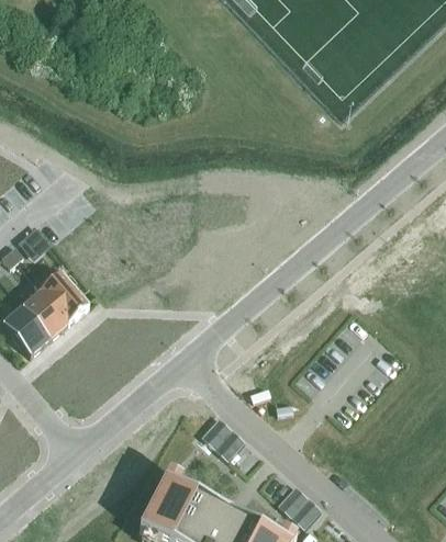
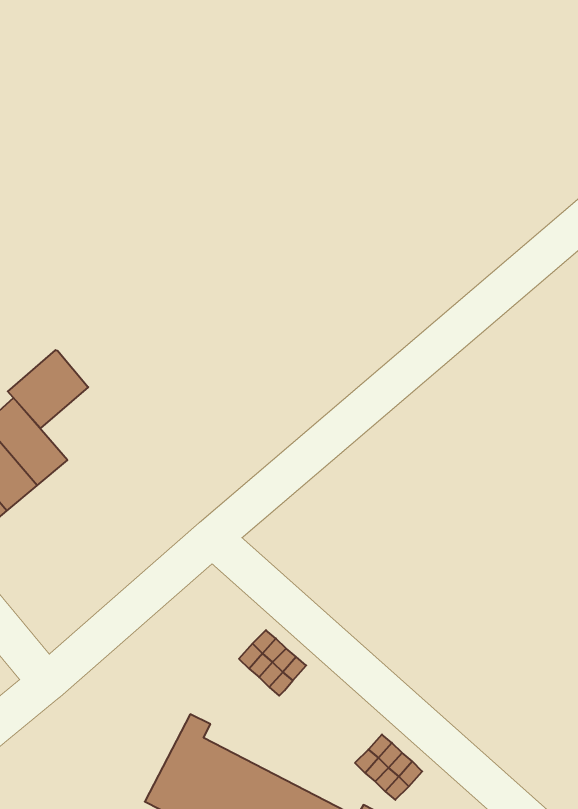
building: none -> [8,350,88,428]

